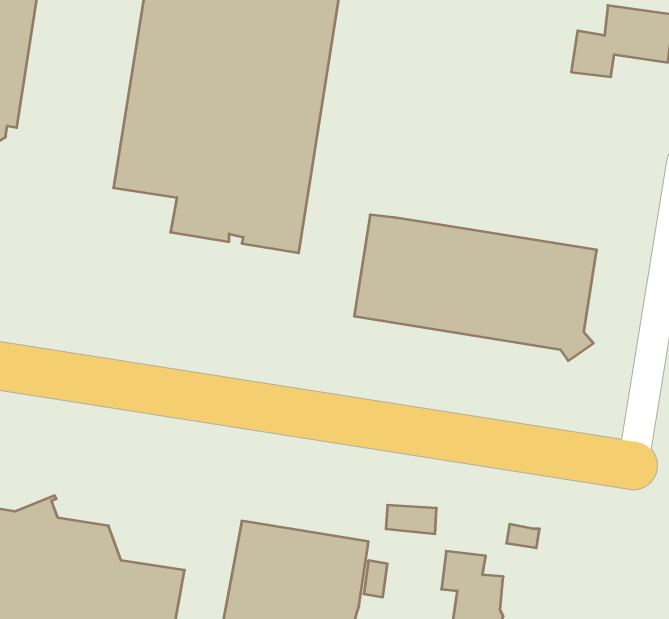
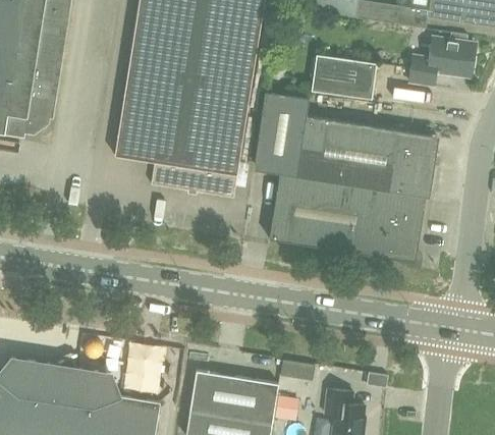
building: none -> [306,54,377,99]
building: none -> [255,92,436,198]

